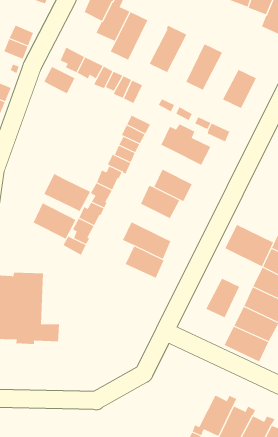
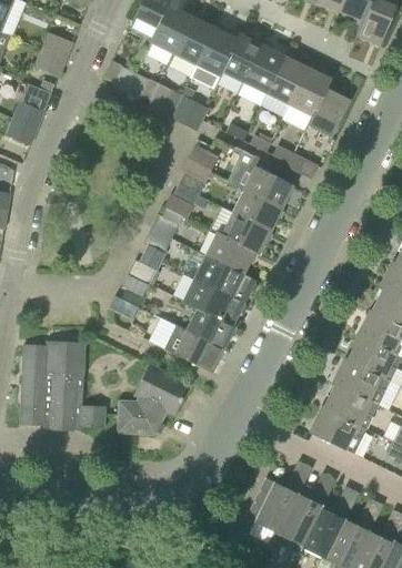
building: none -> [191,27,239,89]
building: none -> [240,44,285,103]
building: none -> [283,67,332,128]
building: [44,66,75,94] -> none
building: none -> [233,189,282,231]
building: [44,173,91,212] -> none
building: [33,203,76,239] -> none
building: none -> [194,255,243,296]
building: [225,224,274,267] -> none
building: none -> [164,325,225,372]
building: [206,278,240,318] -> none
building: none -> [118,364,190,434]
building: none -> [247,477,303,532]

